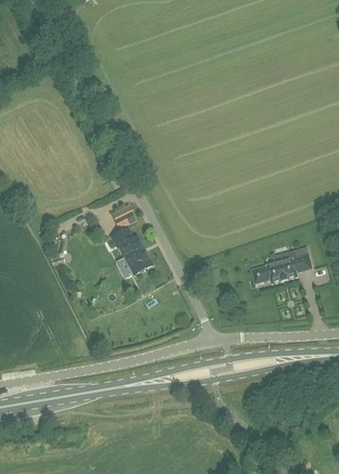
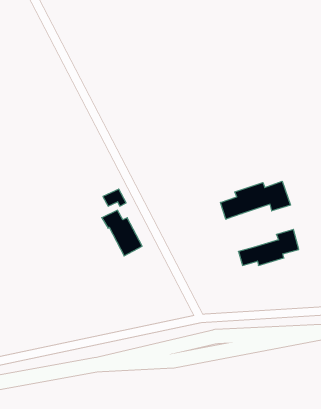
building: none -> [221,181,291,219]

